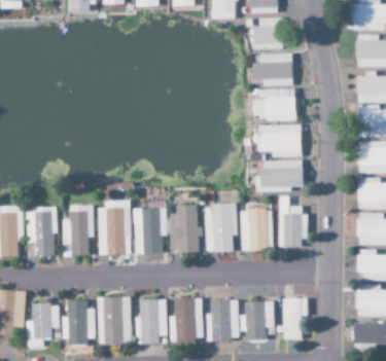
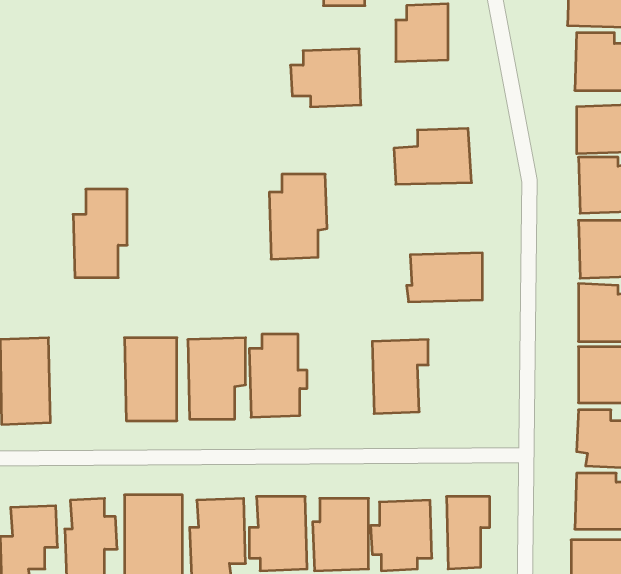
building: [252,52,292,85] -> [290,49,361,107]
building: [262,123,301,156] -> none
building: [278,195,306,247] -> none
building: [205,203,238,251] -> [269,174,327,259]
building: [64,205,95,255] -> [73,189,127,278]

